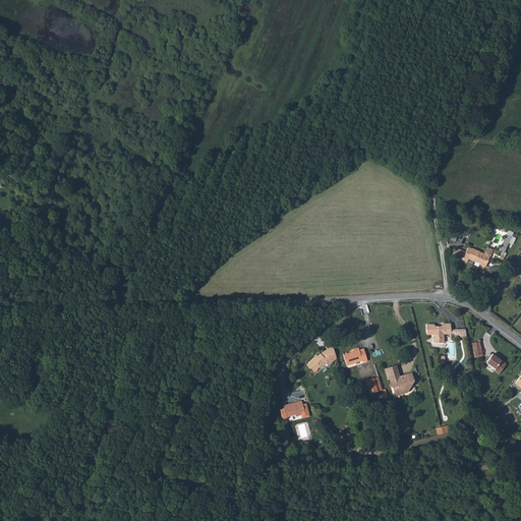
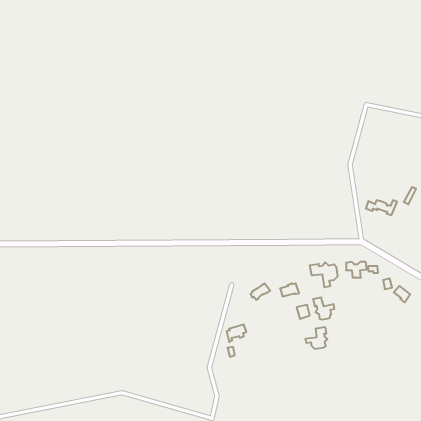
building: none -> [310,262,338,287]
building: none -> [306,327,327,349]

